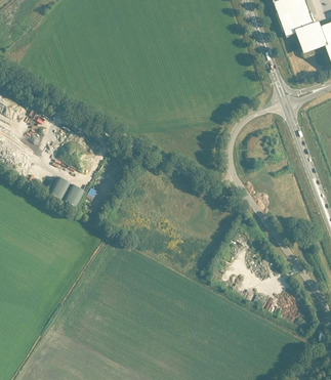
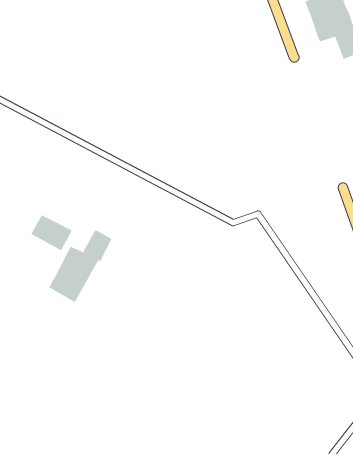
building: none -> [48,229,113,303]

